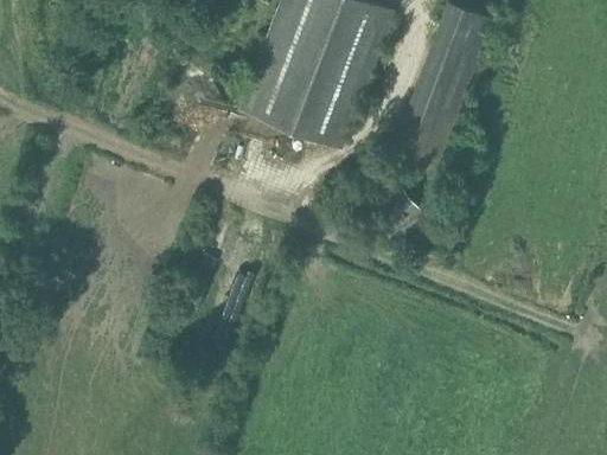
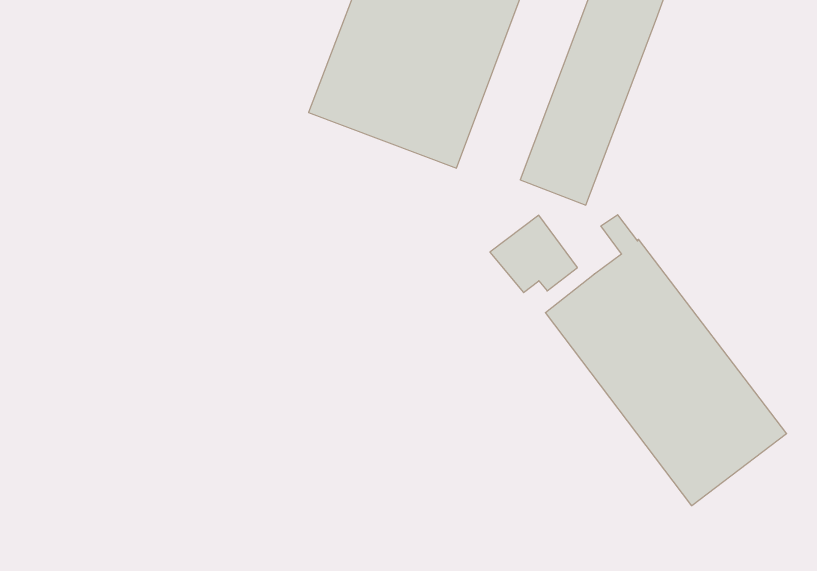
building: none -> [545,215,787,506]

